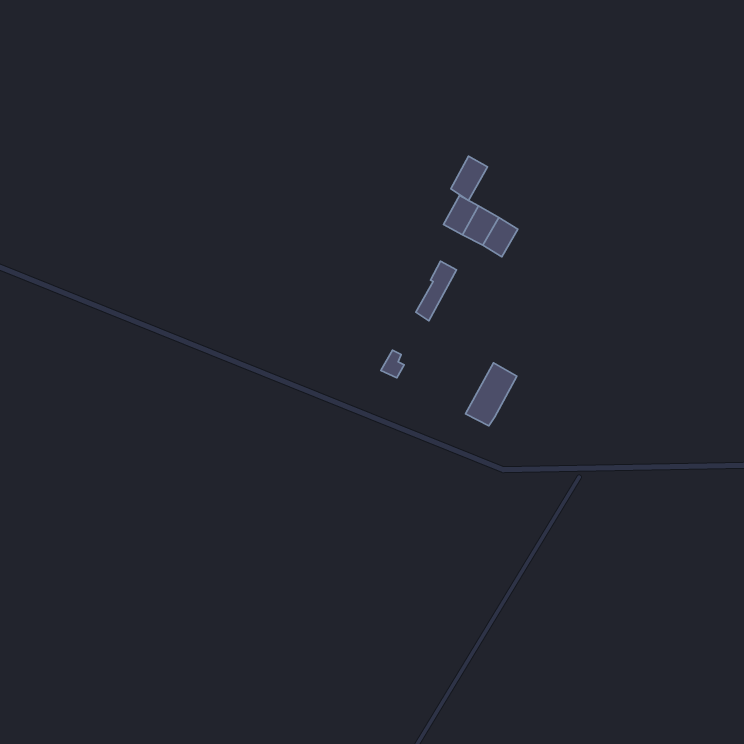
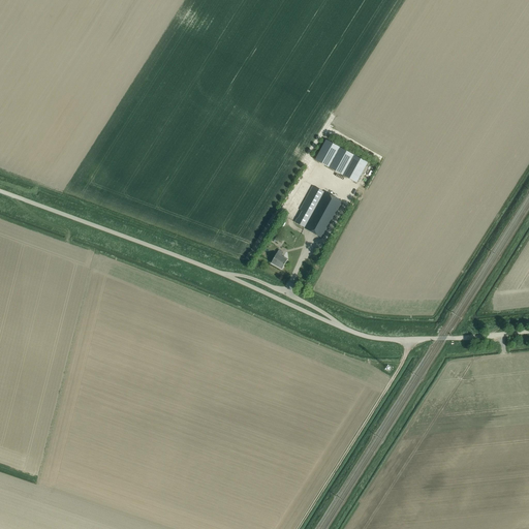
building: [451,156,488,200] -> none
building: [466,363,517,426] -> [304,191,340,236]

